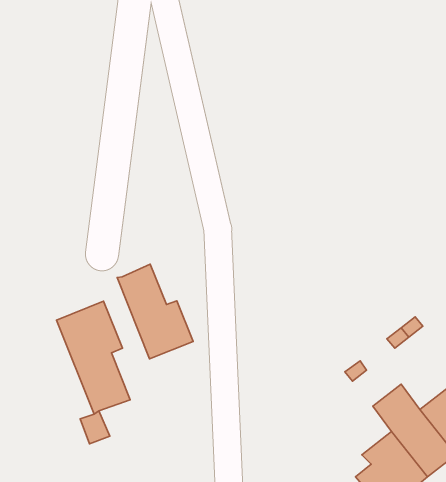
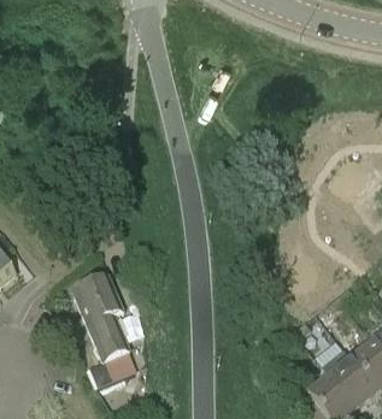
building: [117,264,193,359] -> none

